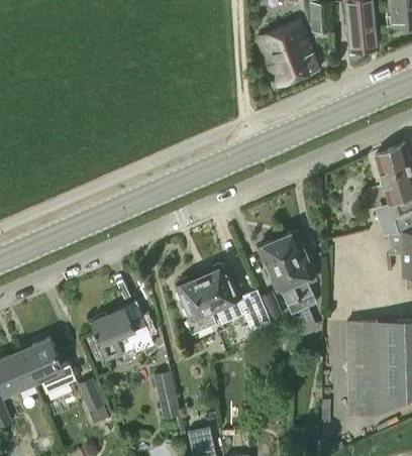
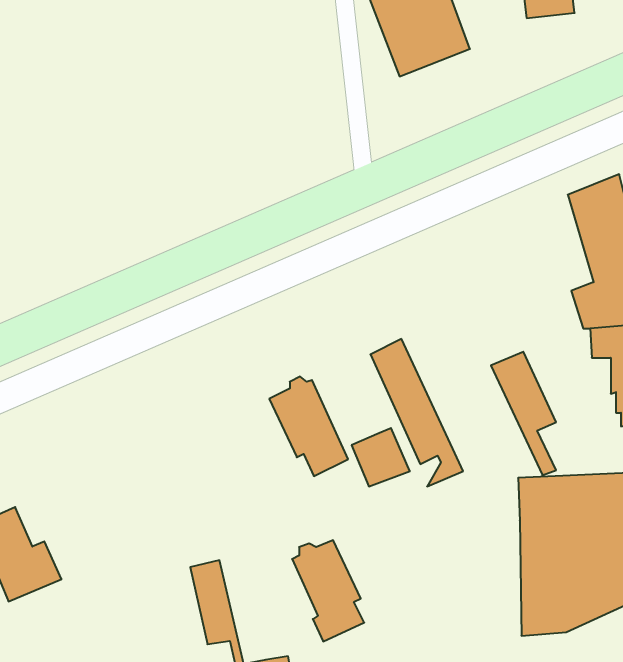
building: [277,232,315,305] -> [491,352,556,475]
building: [175,275,217,335] -> [292,540,364,641]
building: [91,303,154,360] -> none
building: [77,377,108,423] -> none

